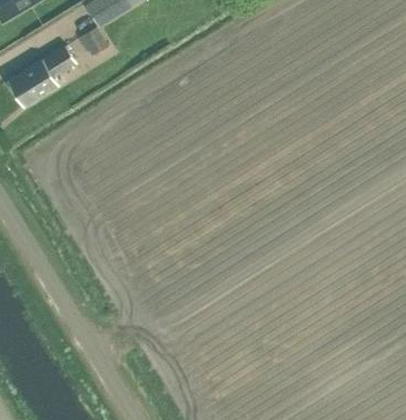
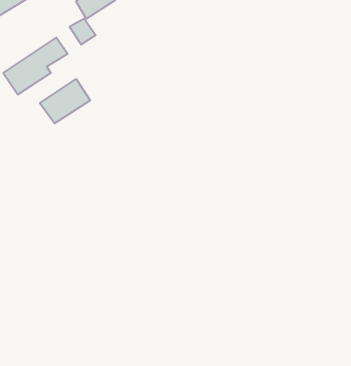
building: none -> [40,79,90,123]

